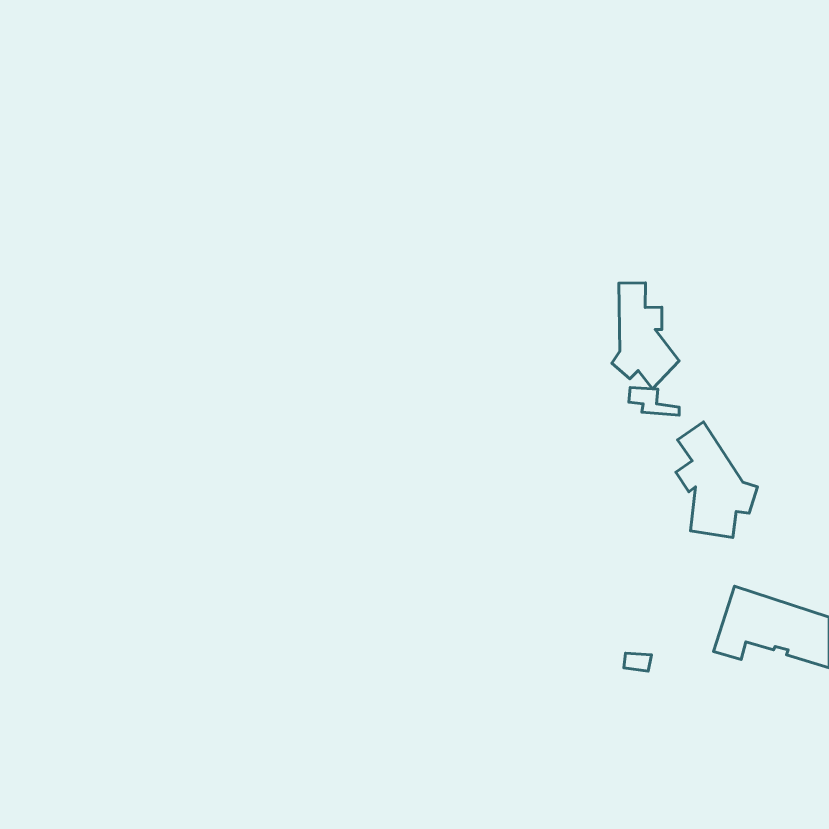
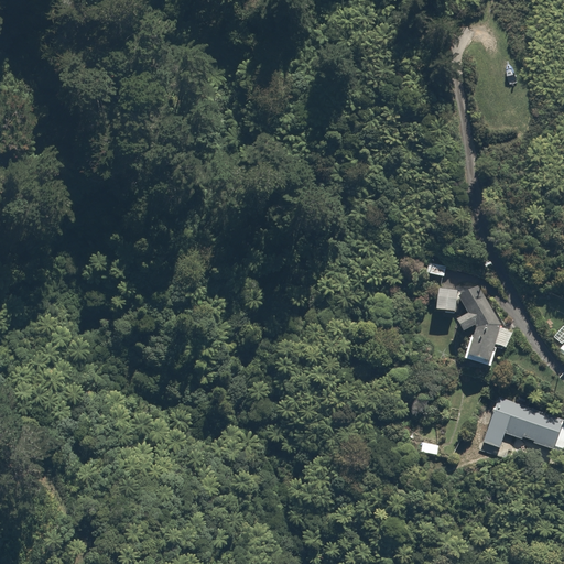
building: [612,283,679,389] -> none
building: none -> [437,288,458,312]

